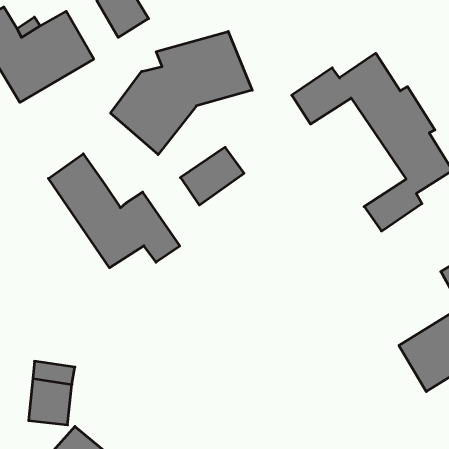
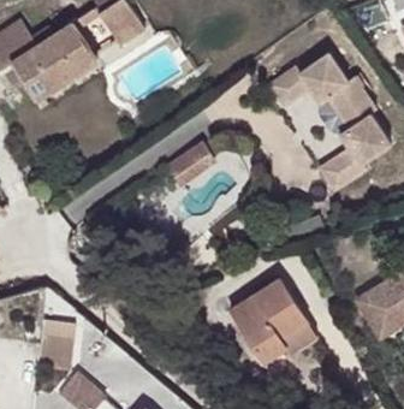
building: [111,31,252,155] -> none
building: [48,154,180,268] -> none
building: none -> [225,279,311,361]

